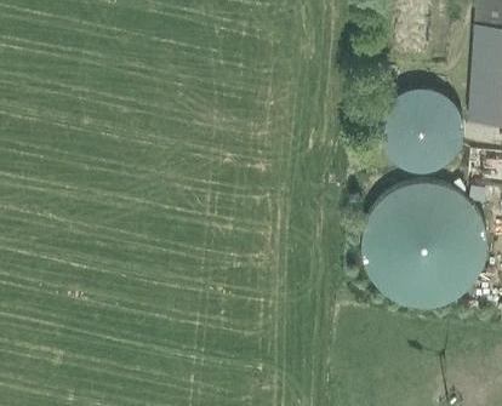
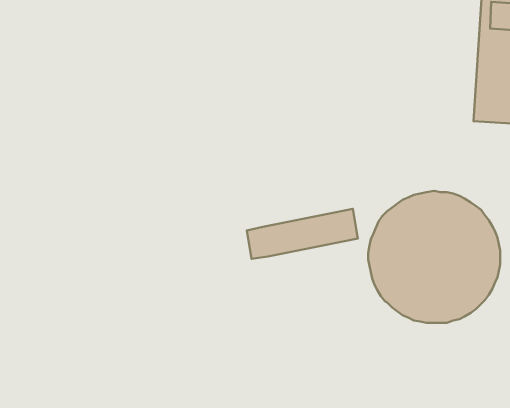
building: [381,91,464,175] -> none
building: none -> [247,209,358,259]

